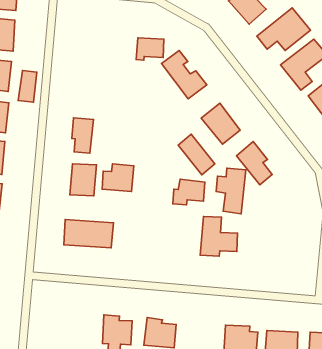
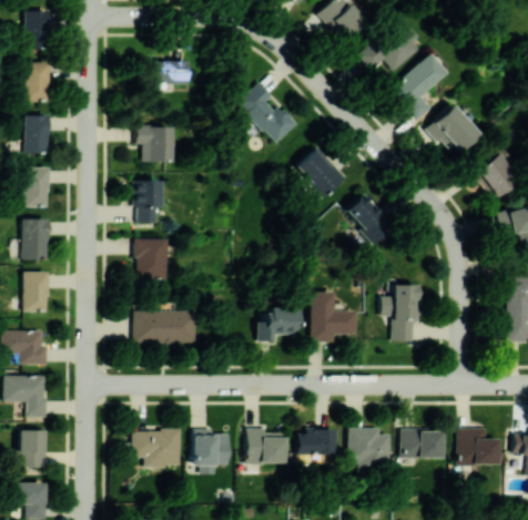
building: [136,38,164,60] -> [156,61,191,90]
building: [18,71,37,102] -> none
building: none -> [136,125,171,163]
building: [178,134,215,175] -> none
building: [102,164,134,192] -> none
building: [216,168,246,214] -> [382,285,417,341]
building: [173,179,205,205] -> [257,309,296,341]
building: none -> [134,430,183,467]
building: none -> [298,429,337,456]

